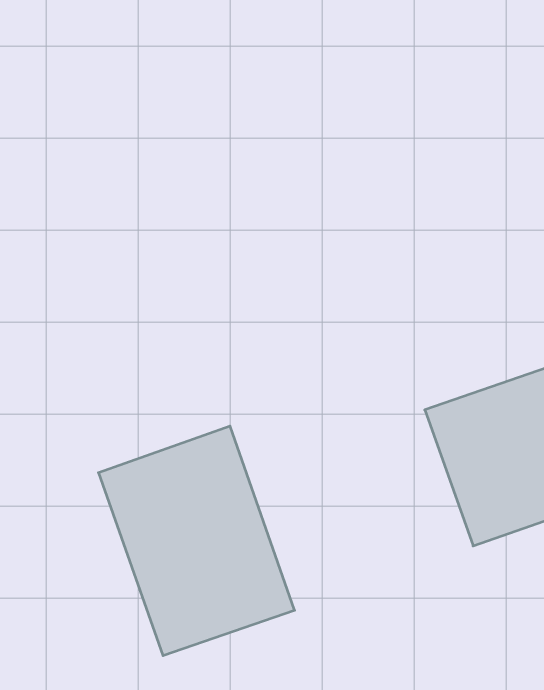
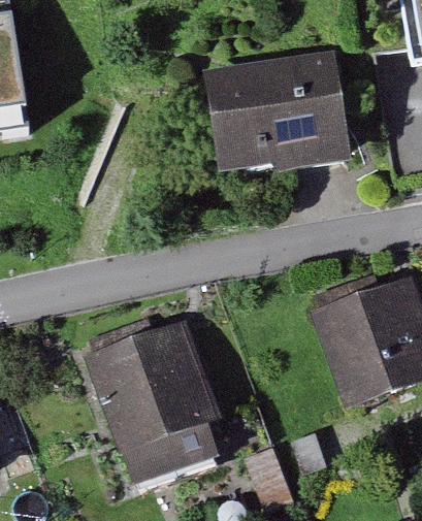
building: none -> [206,52,343,165]

